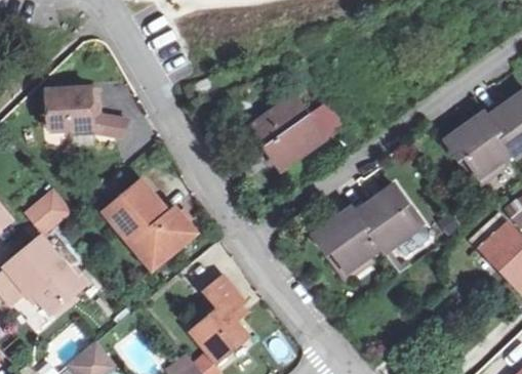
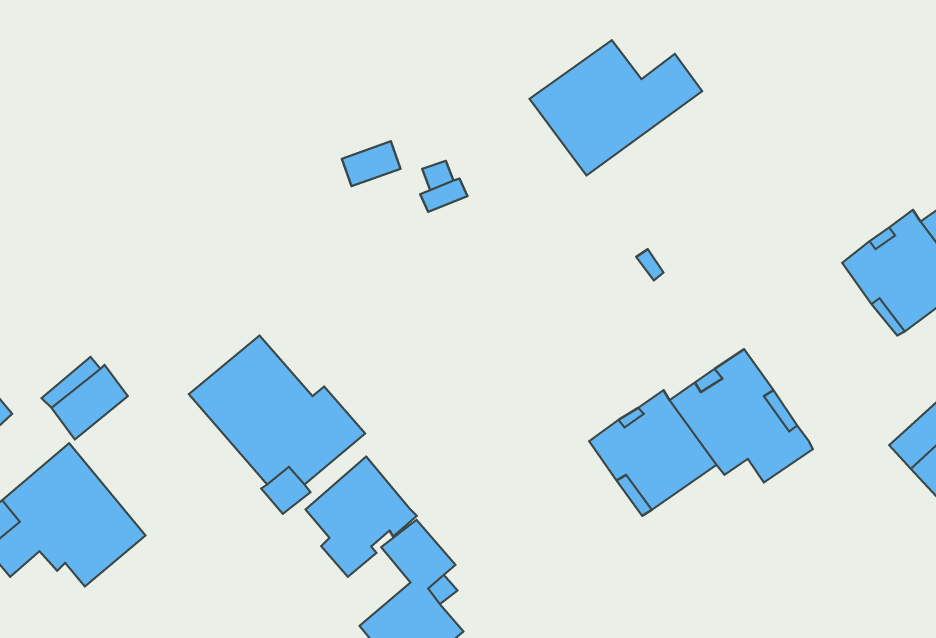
building: [51,87,129,135] -> none
building: [249,98,339,169] -> [530,40,702,175]
building: none -> [306,457,417,577]

